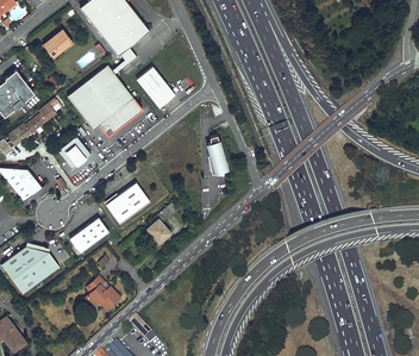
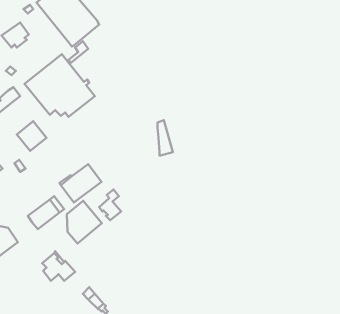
building: [137,64,176,107] -> none
building: none -> [67,201,102,243]

